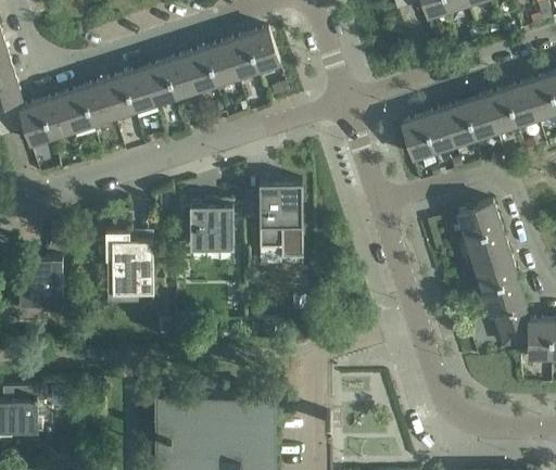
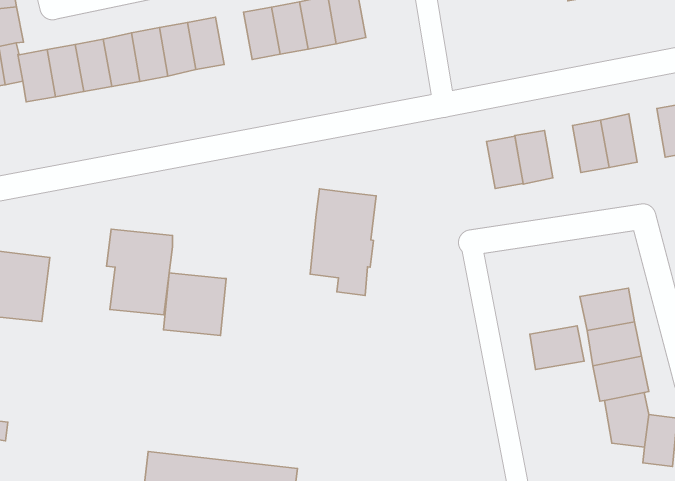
building: [164,58,195,99] -> none
building: [484,91,516,134] -> none
building: [422,112,454,153] -> [487,136,523,189]
building: [457,203,501,240] -> [530,326,584,370]
building: [189,205,233,250] -> [163,273,226,335]

